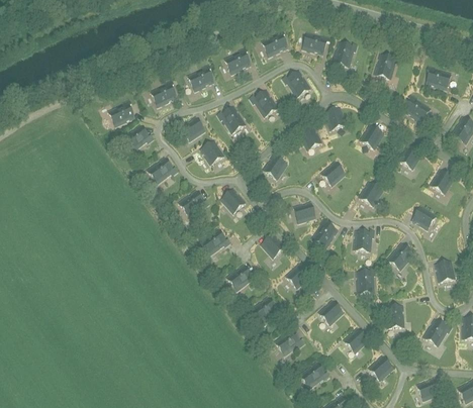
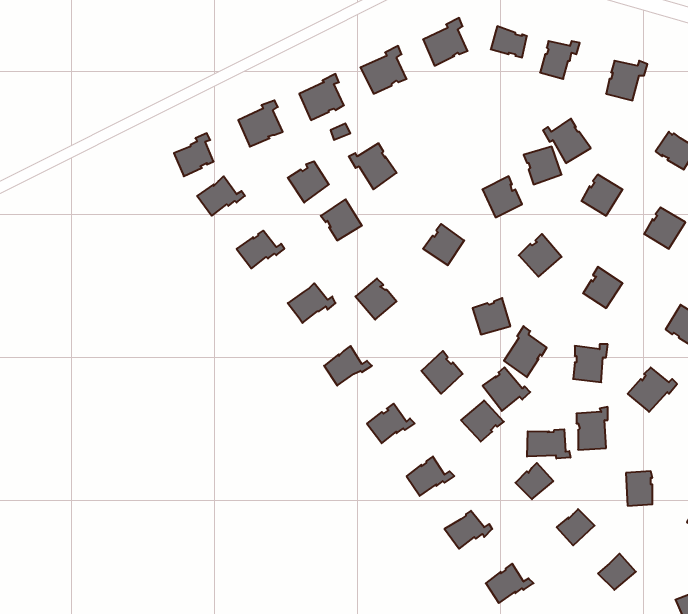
building: [281,71,310,98] -> [543,119,591,163]
building: [249,90,277,117] -> none
building: none -> [483,367,530,411]
building: none -> [527,429,570,459]

